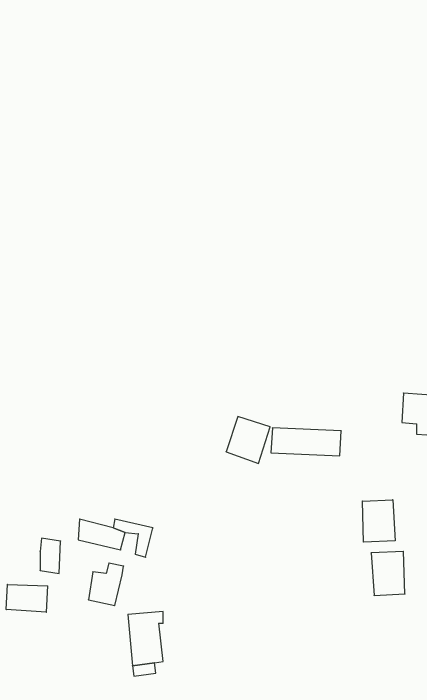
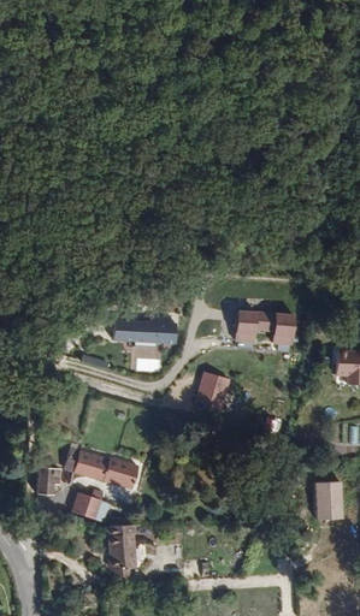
building: none -> [111,319,173,340]
building: [271,428,341,456] -> [232,320,290,343]
building: [362,500,395,542] -> none
building: [6,584,48,612] -> none

